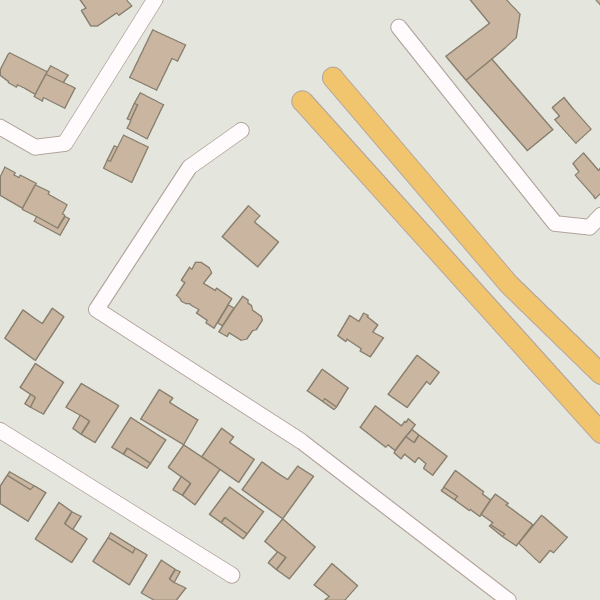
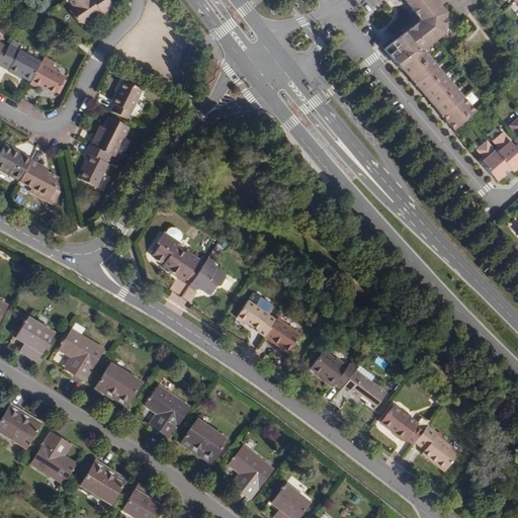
building: [130,30,185,90] -> none
building: [552,97,591,143] -> [478,141,511,180]
building: none -> [81,145,108,186]
building: [222,206,278,267] -> none
building: [5,308,64,360] -> none
building: [338,313,384,357] -> [238,297,277,335]
building: [388,355,439,407] -> none
building: [141,390,198,445] -> none
building: [202,428,254,482] -> none
building: [242,462,313,519] -> none
building: [519,515,567,563] -> none

